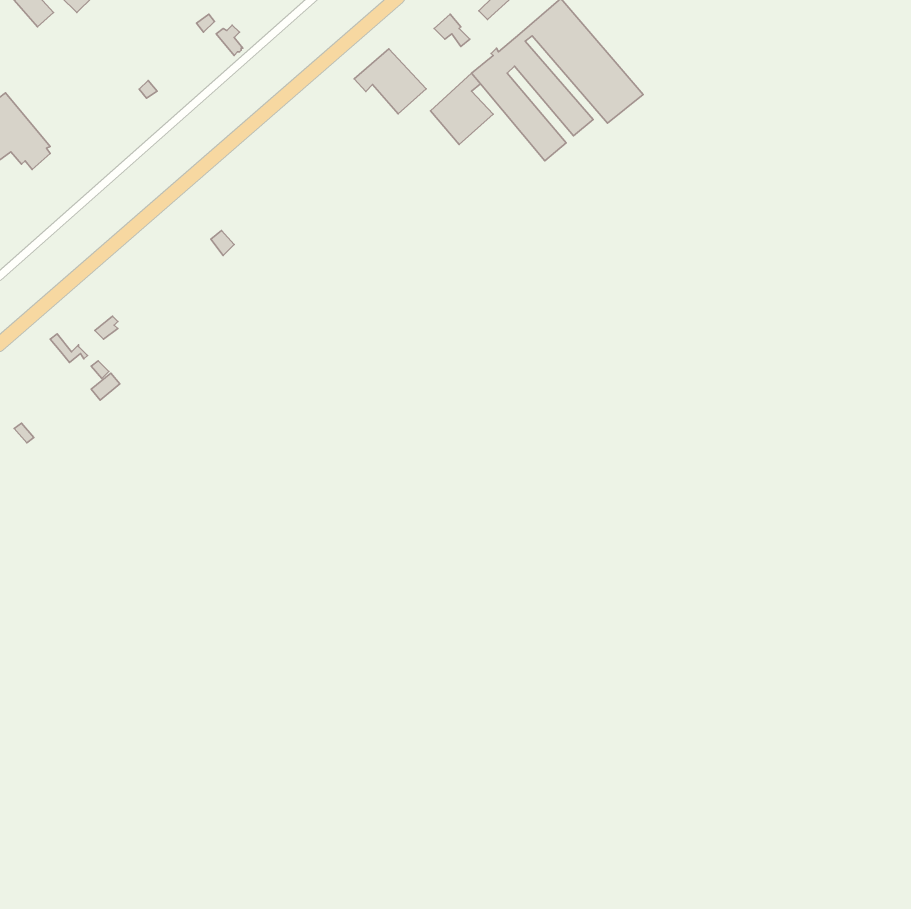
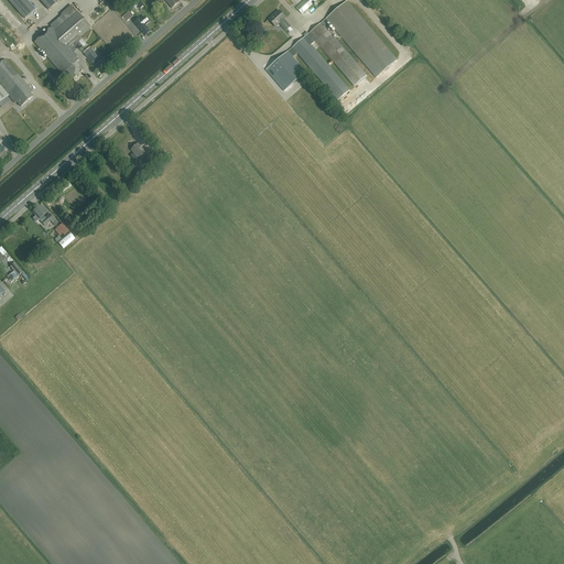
building: none -> [33,9,89,77]
building: [354,49,426,114] -> none

